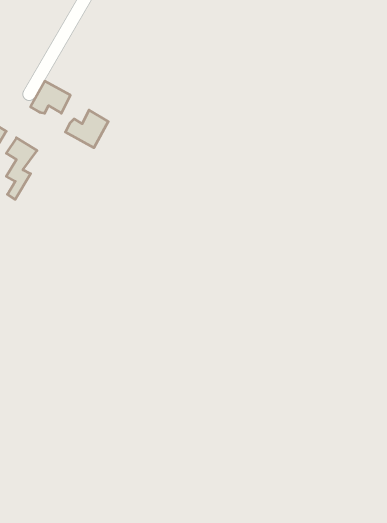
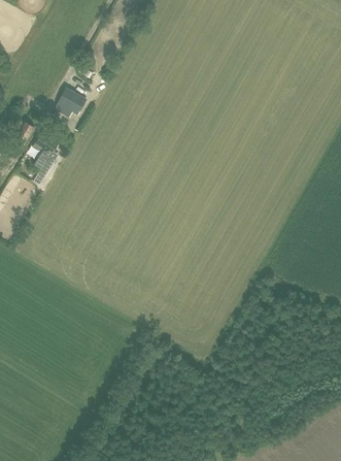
building: [65,110,108,148] -> none

